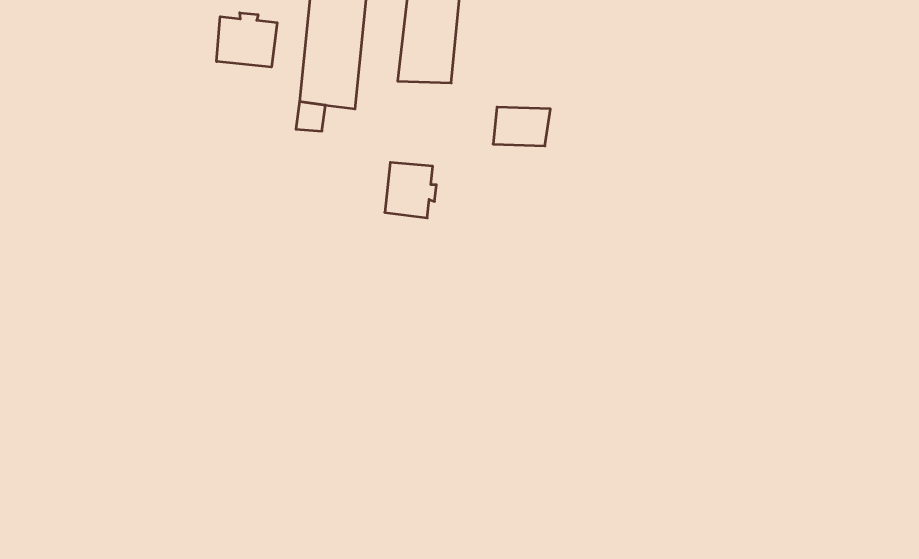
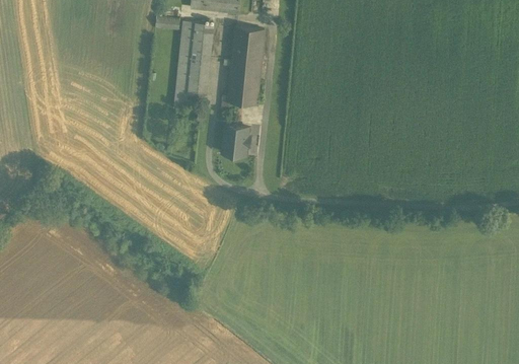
building: [217,13,277,67] -> none
building: [493,107,550,146] -> [229,81,261,102]

